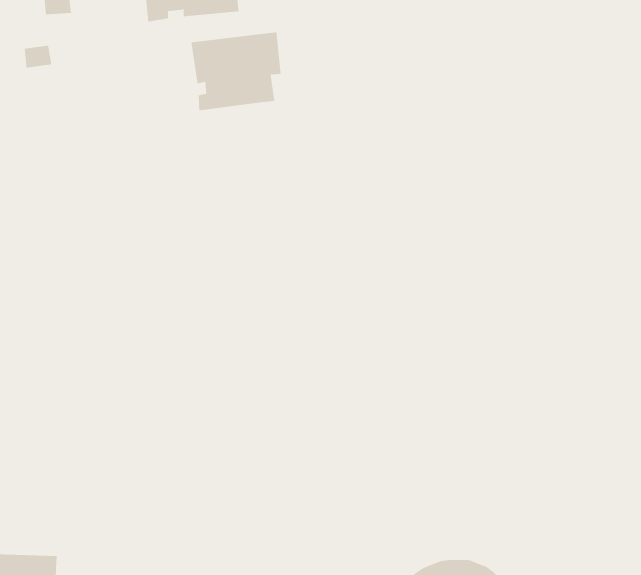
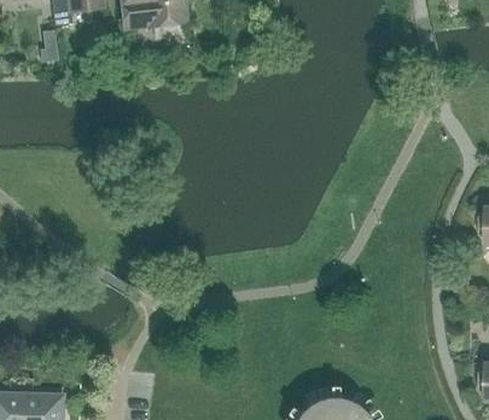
building: [191,32,281,111] -> none

